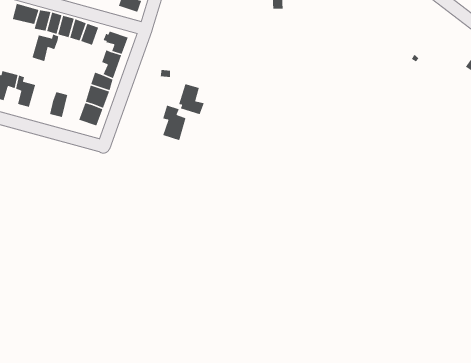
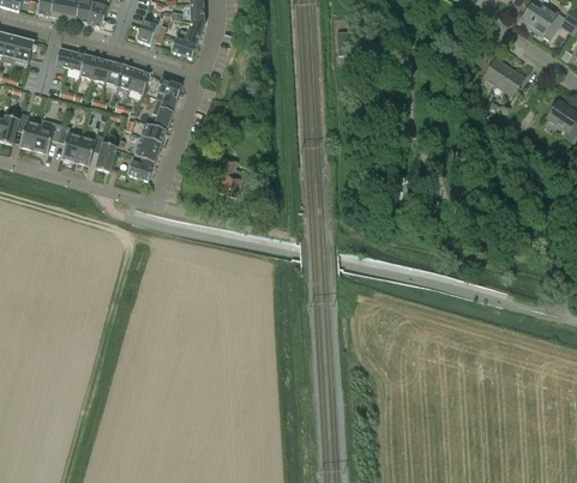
building: none -> [482,58,524,95]
building: [32,34,59,62] -> [74,134,104,165]
building: [178,83,205,115] -> none

